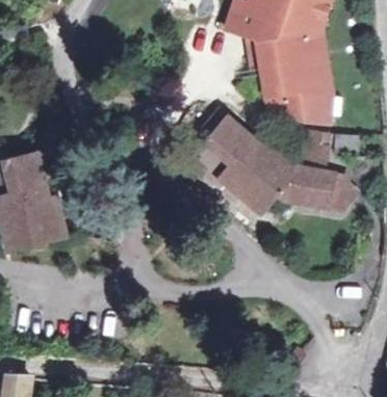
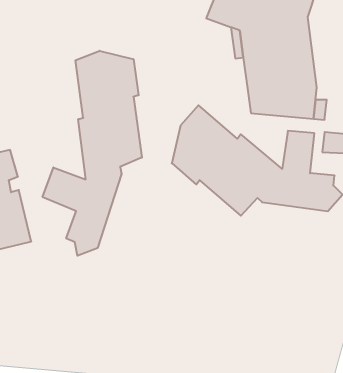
building: none -> [43,51,142,256]

